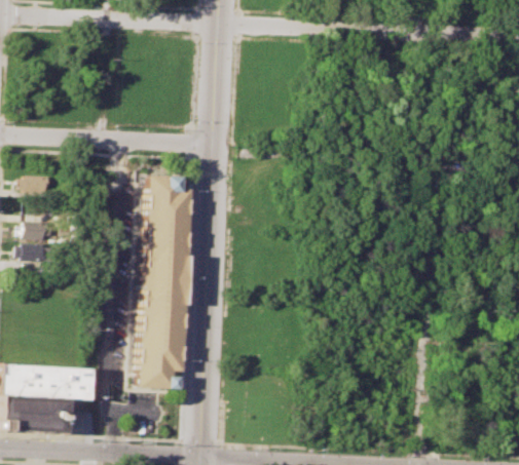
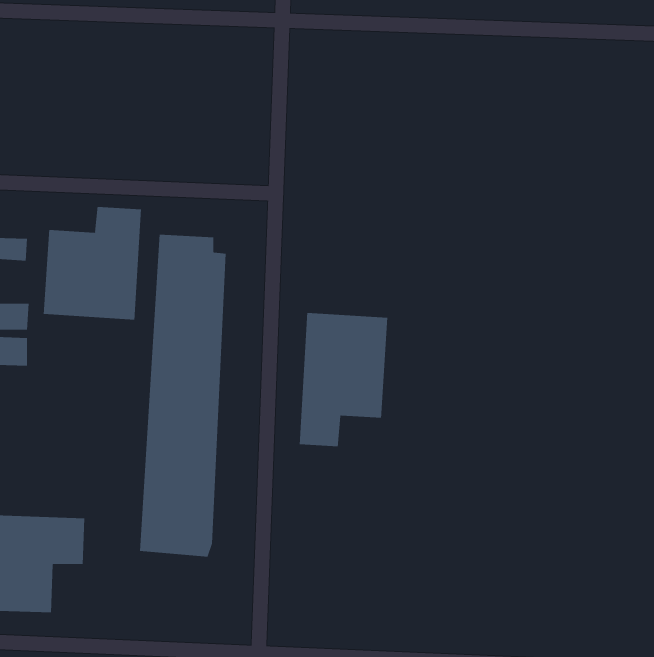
building: none -> [43,206,142,320]
building: none -> [299,312,388,447]

